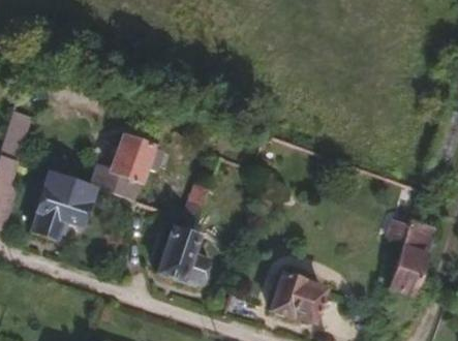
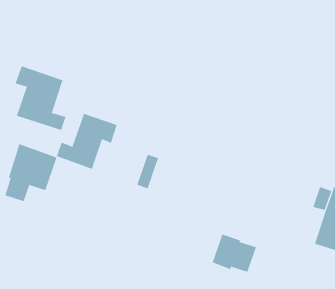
building: none -> [15,66,66,132]
building: [159,226,212,282] -> none

